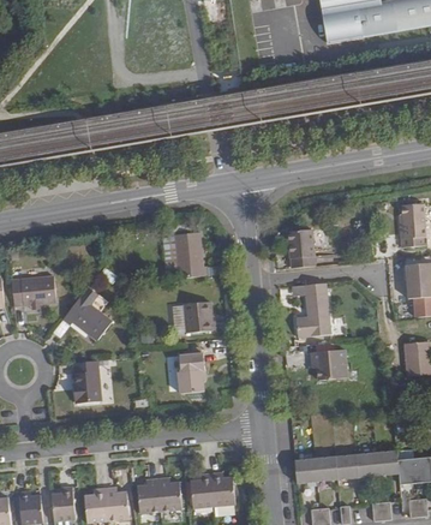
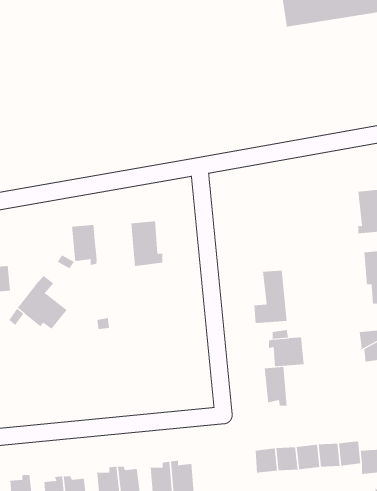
building: [287,228,313,268] -> none
building: none -> [71,224,97,266]
building: [184,302,211,333] -> none
building: [176,352,203,392] -> none
building: [72,360,100,402] -> none
building: none -> [264,366,287,407]

